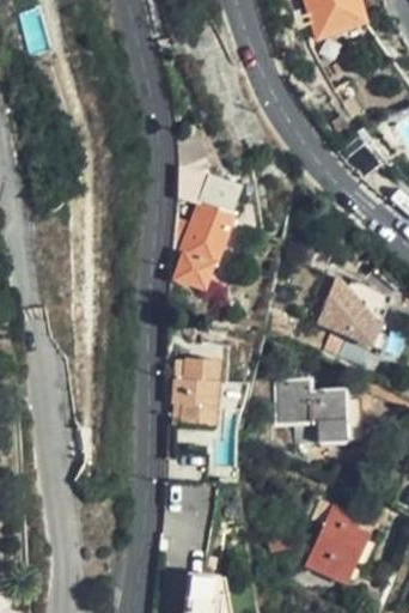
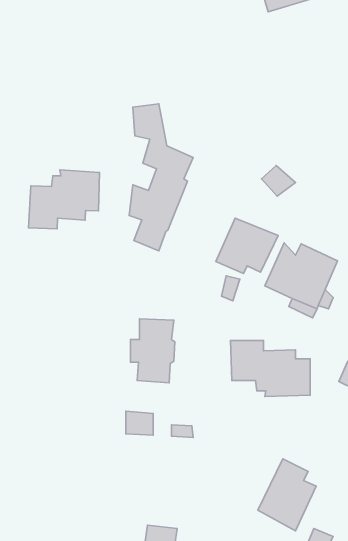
building: none -> [28,170,100,229]
building: none -> [216,218,278,274]

